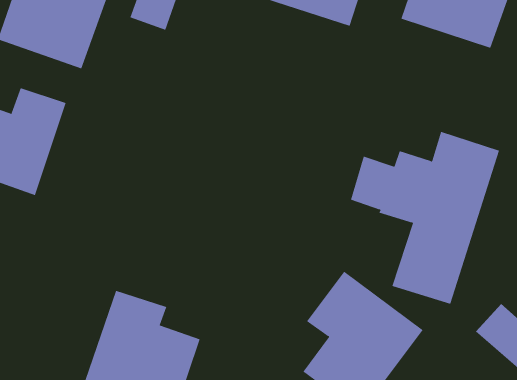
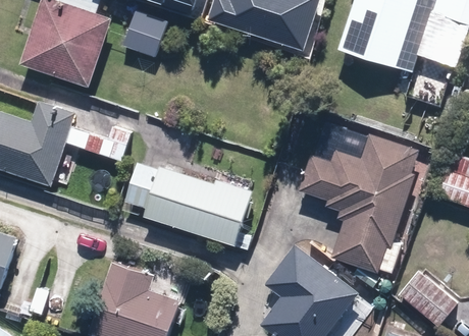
building: none -> [143,164,253,245]

